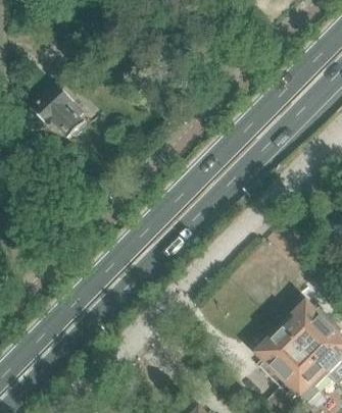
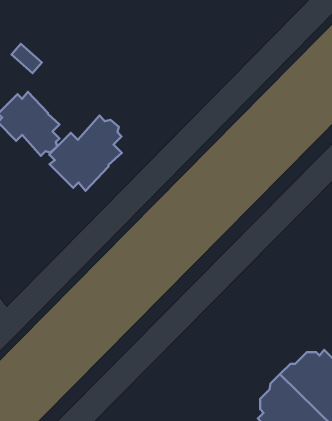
building: none -> [49,115,122,191]

